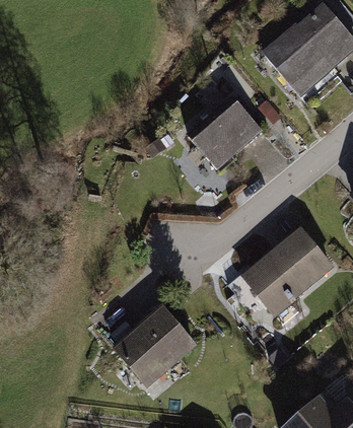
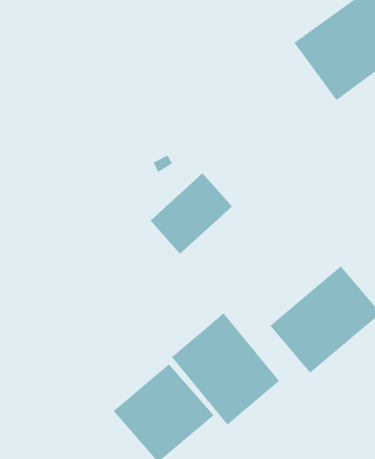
building: [191,98,258,164] -> [150,173,233,254]
building: none -> [171,313,280,425]

